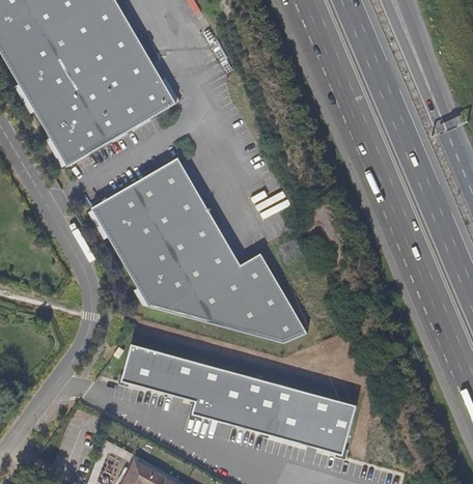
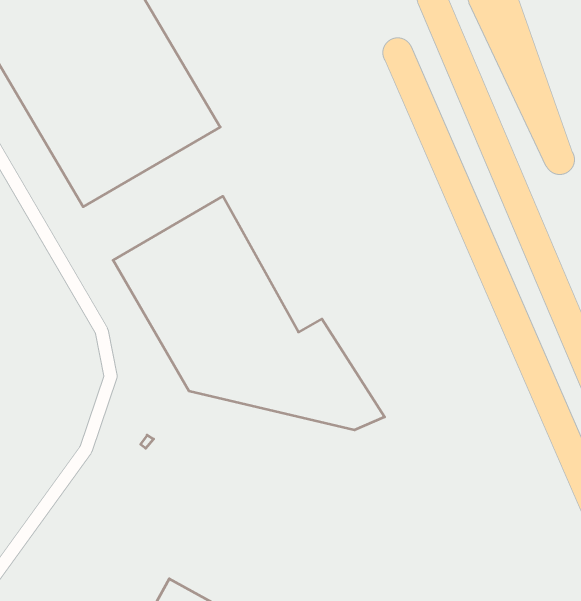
building: [121,343,355,454] -> none

